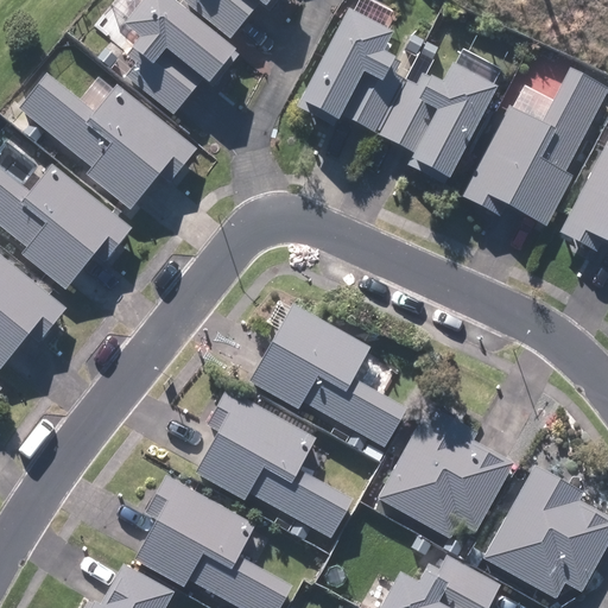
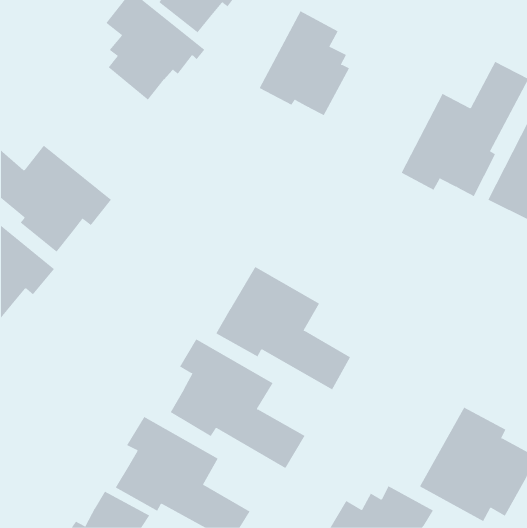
building: [380,69,494,180] -> none
building: [21,77,195,208] -> none
building: [378,406,513,538] -> none

